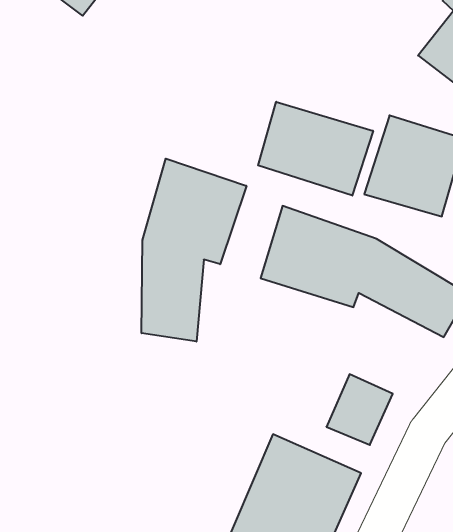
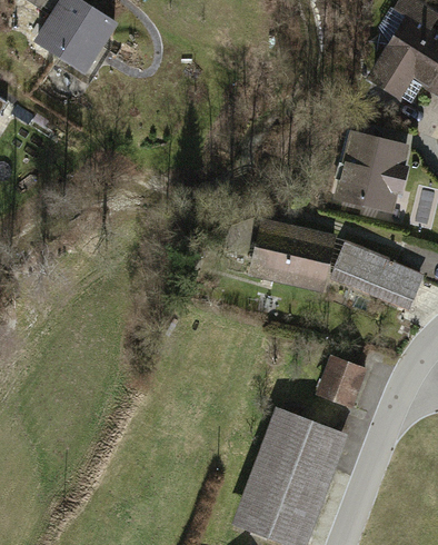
building: [258,102,373,196] -> none
building: [142,159,246,342] -> none

